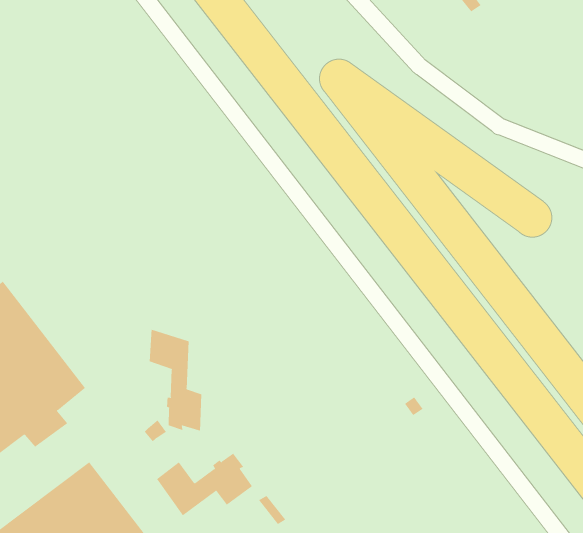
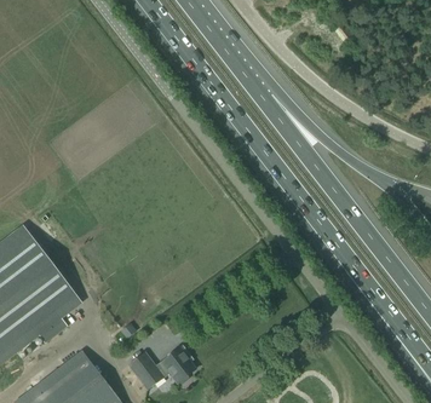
building: [149,329,202,432] -> none

